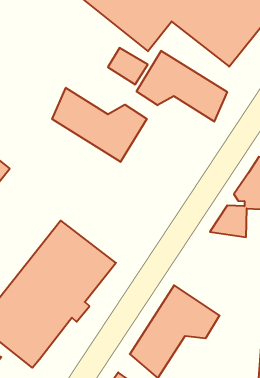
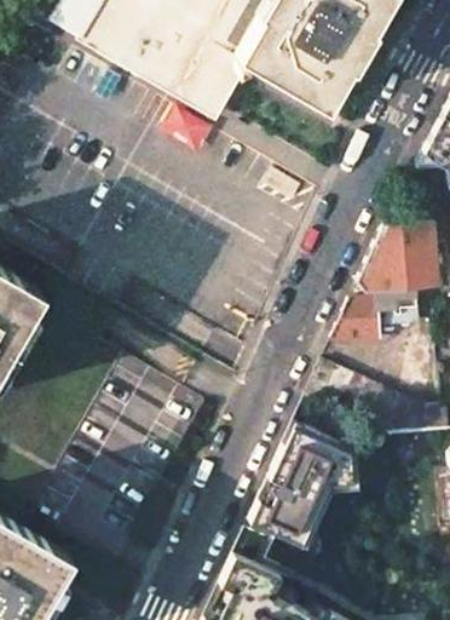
building: [137,51,227,122] -> none
building: [52,88,147,162] -> none

